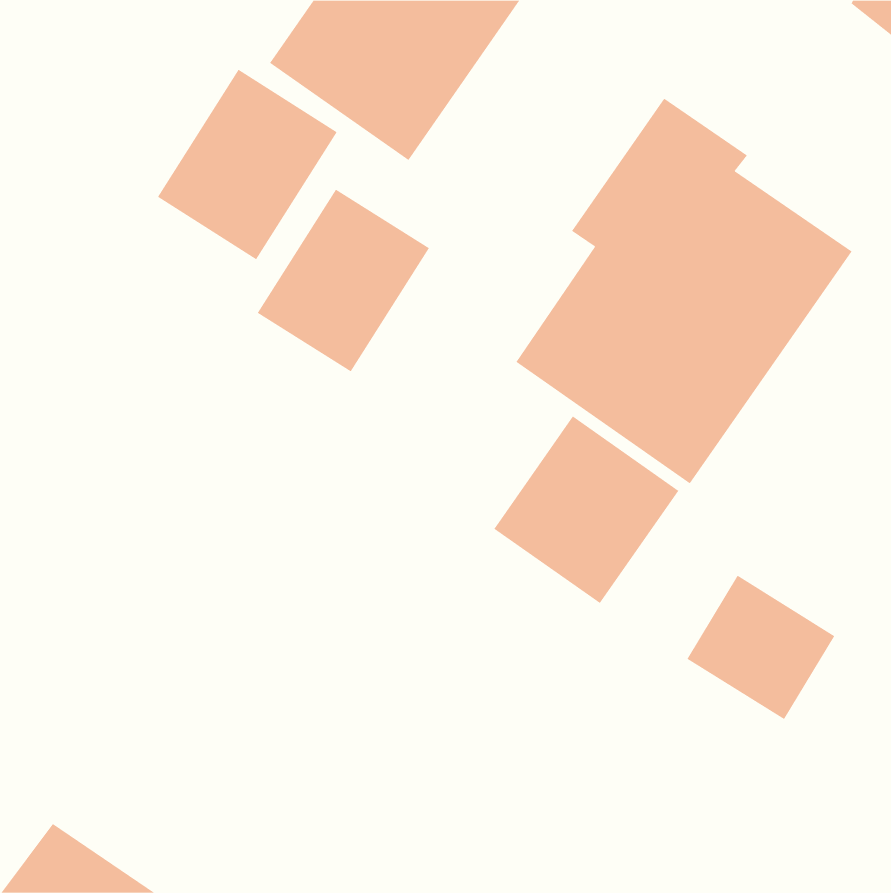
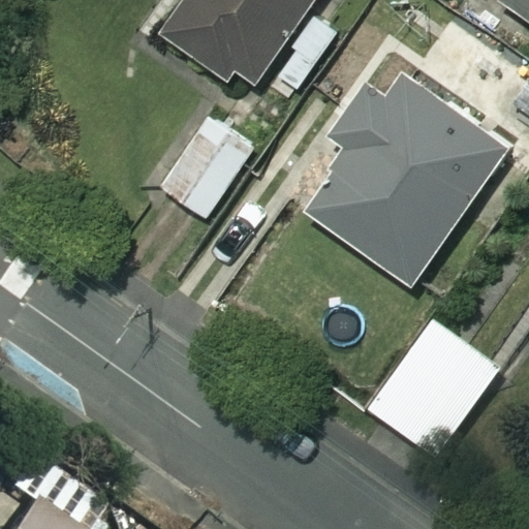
building: [157,69,337,260] -> none
building: [493,416,679,604] -> none

